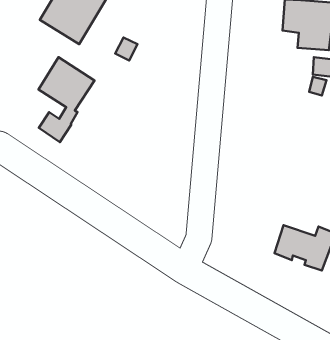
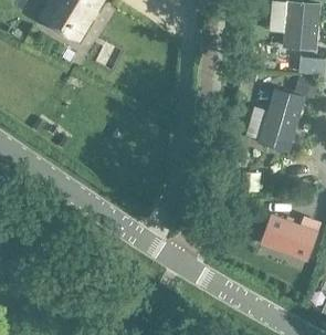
building: [38,57,95,142] -> none
building: none -> [245,90,304,150]

